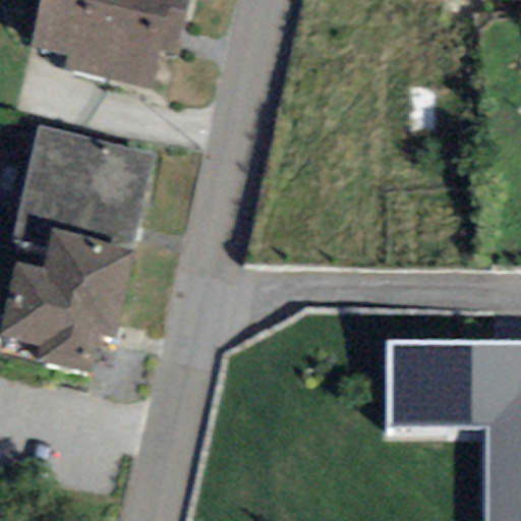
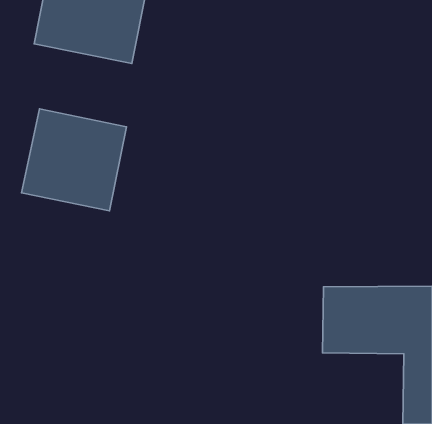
building: [11,246,132,377] -> none

